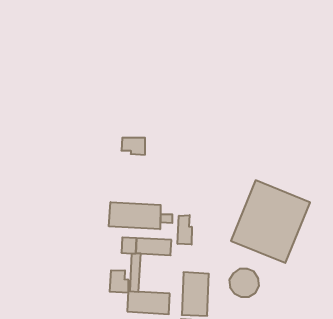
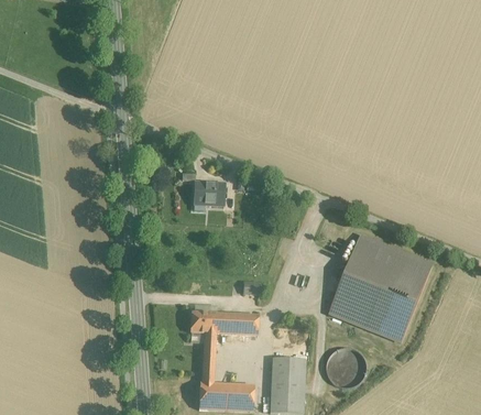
building: [109,202,161,229] -> none
building: [178,215,192,245] -> none
building: [110,270,128,293] -> none

